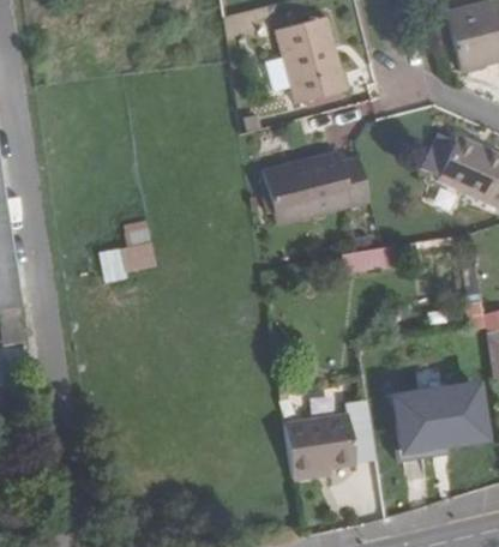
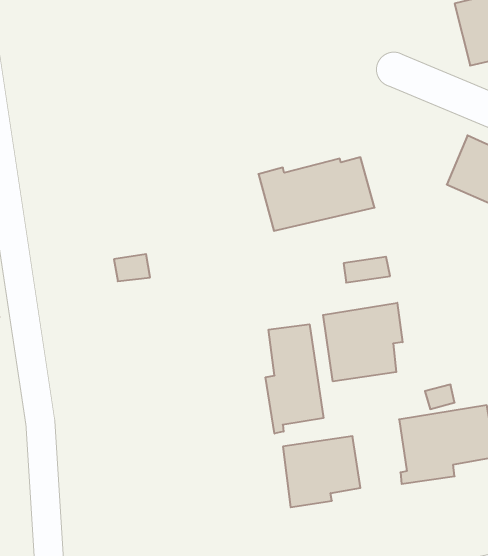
building: [272,16,344,104] -> none
building: none -> [323,303,403,381]
building: none -> [266,324,323,434]

